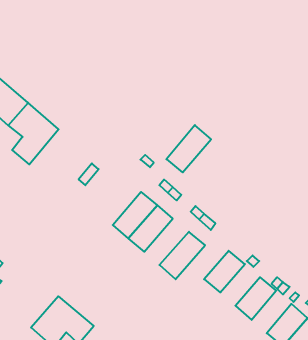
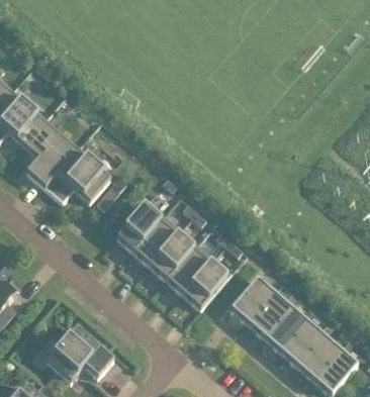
building: [166,125,211,172] -> [116,201,164,252]
building: none -> [44,150,110,202]
building: none -> [167,244,214,294]
building: none -> [248,293,290,337]
building: none -> [281,321,323,367]

